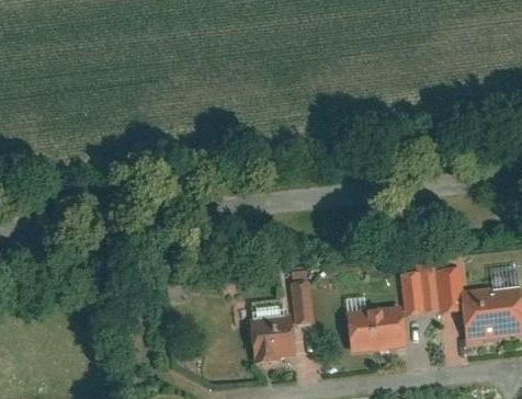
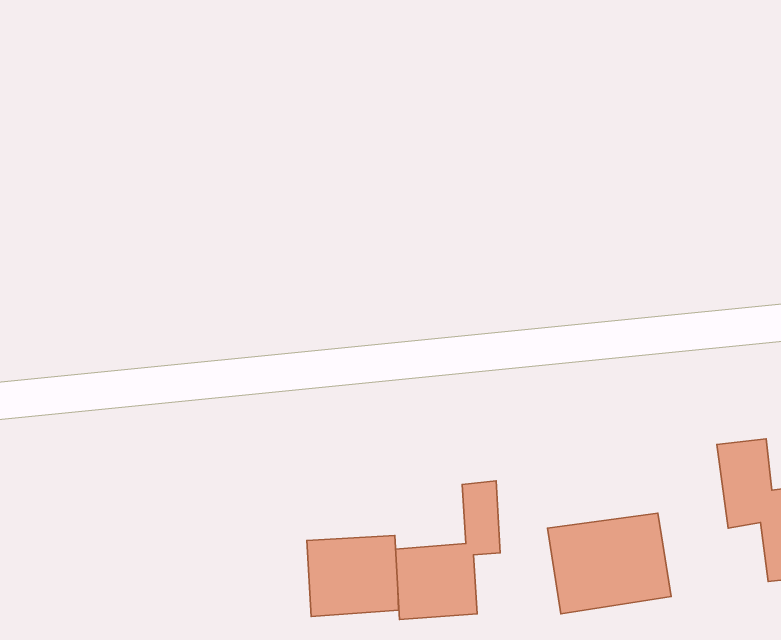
building: [397,251,441,314] -> none
building: none -> [307,536,399,617]

